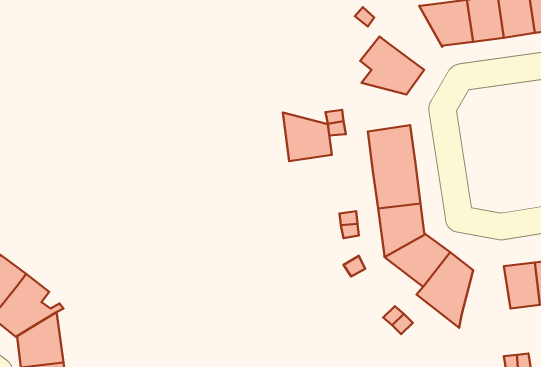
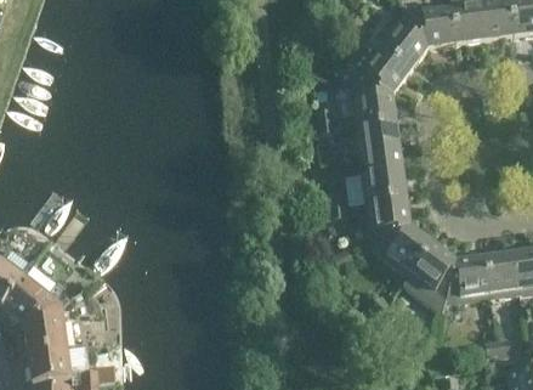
building: none -> [378,9,427,69]
building: [283,113,332,161] -> [351,81,397,128]
building: none -> [446,255,492,301]

